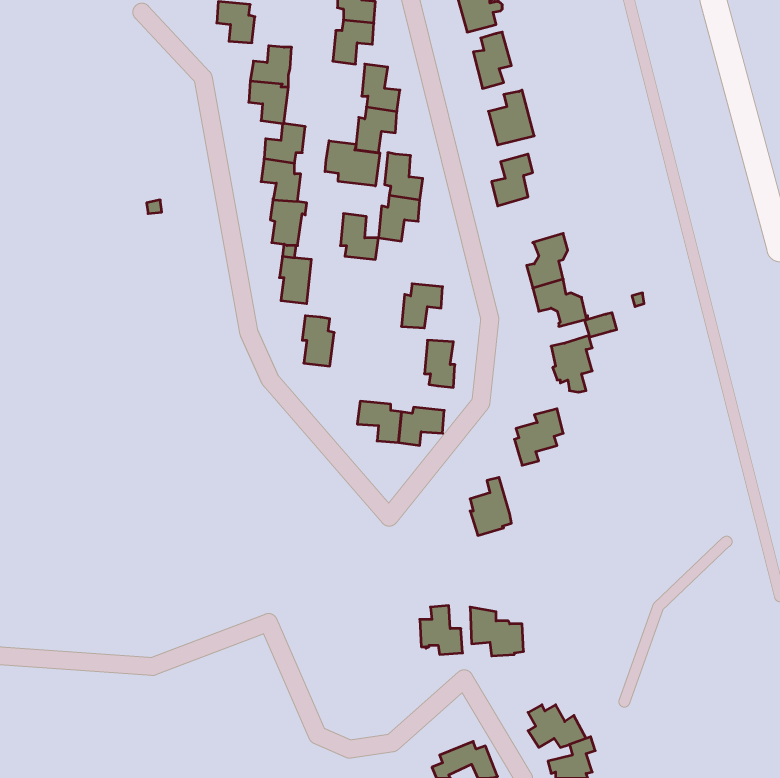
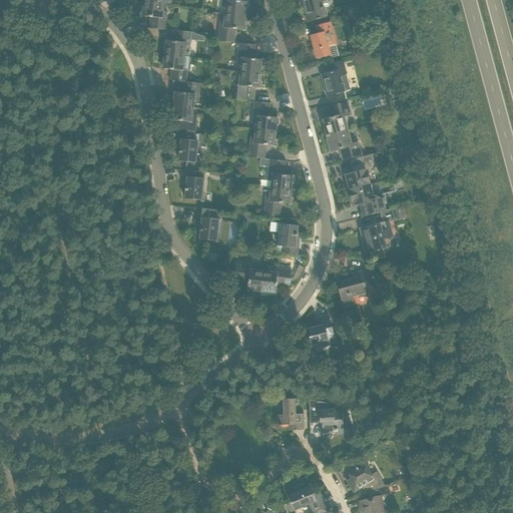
building: [325,141,380,186] -> none
building: none -> [327,129,358,158]
building: [340,214,379,259] -> [268,158,293,188]

